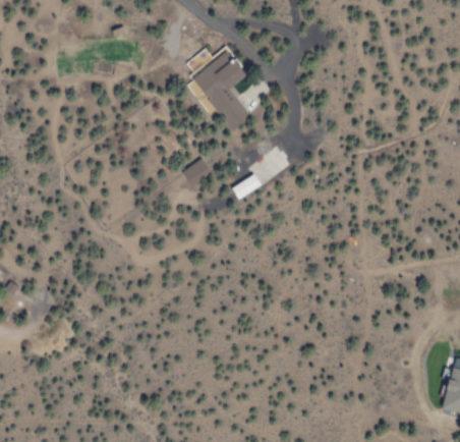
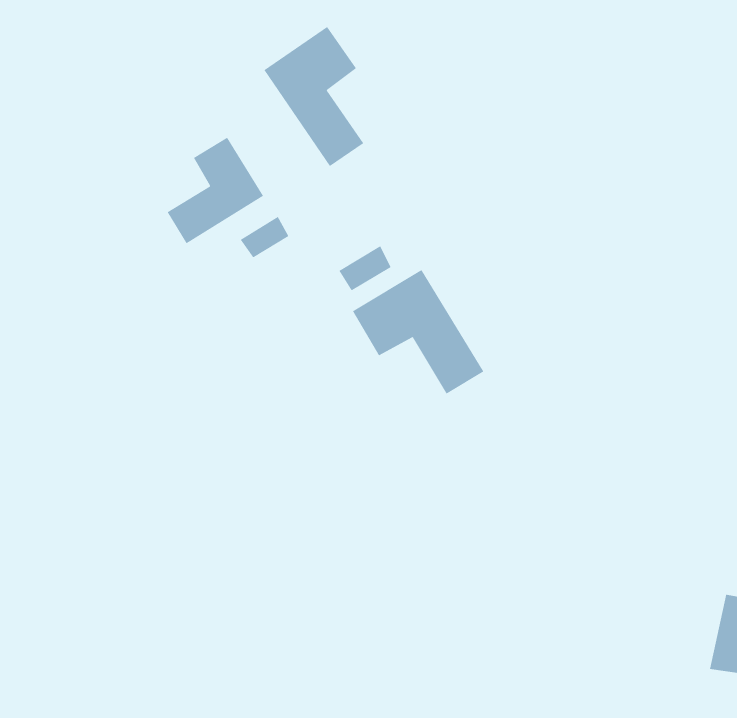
building: none -> [167,137,264,244]
building: none -> [352,269,484,395]

